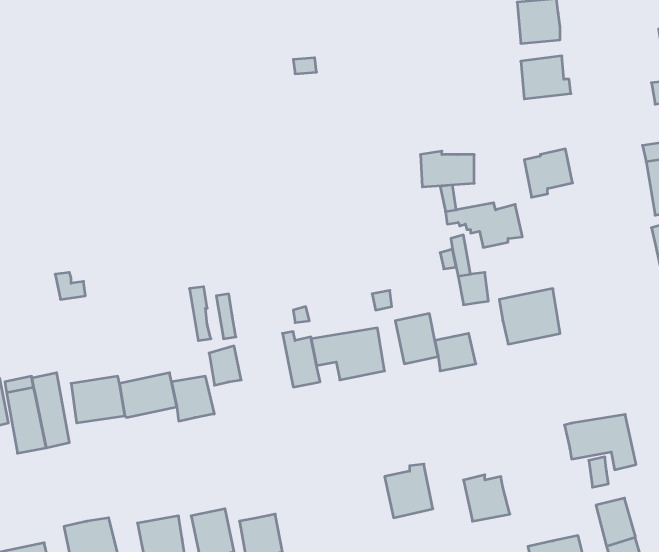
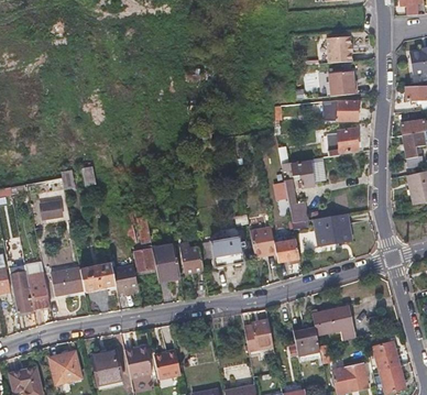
building: [420,151,474,187] -> [322,99,355,121]
building: none -> [152,242,177,282]
building: [564,414,636,470] -> [311,307,355,341]

